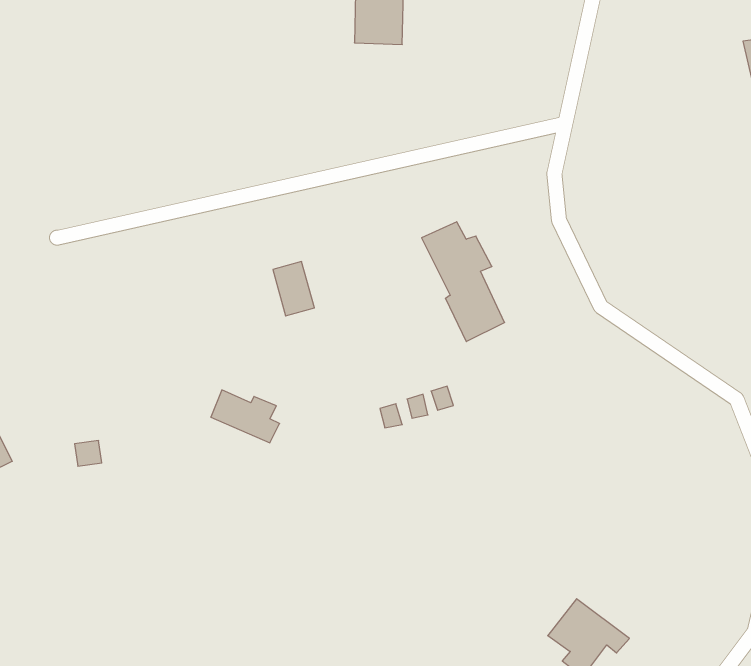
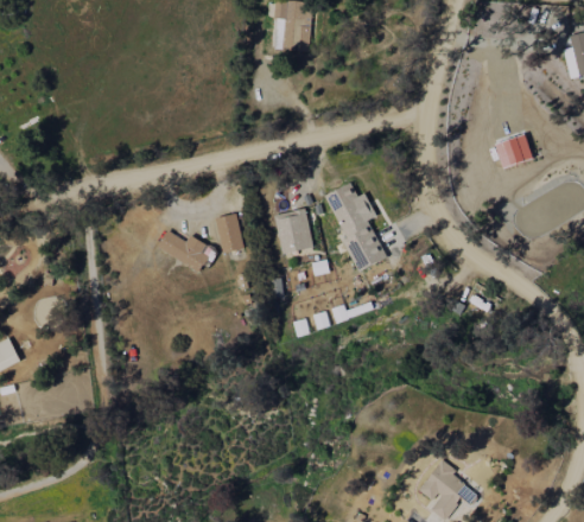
building: none -> [495,134,534,170]
building: none -> [274,209,315,255]
building: [211,390,280,443] -> [158,231,209,270]

